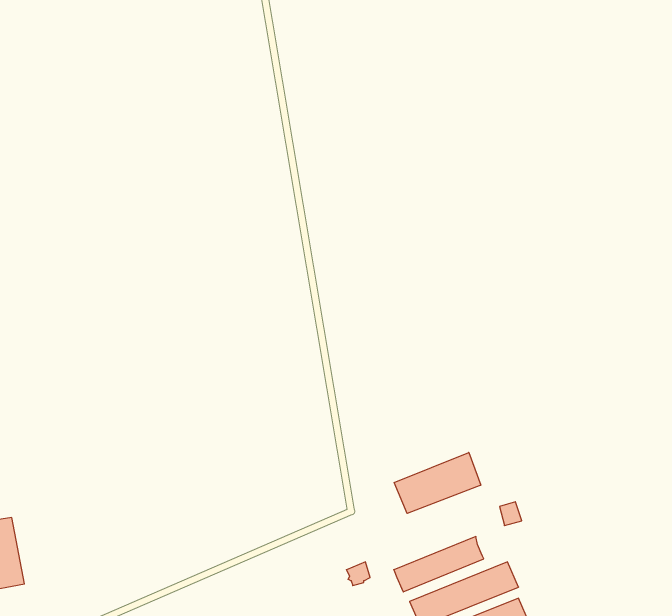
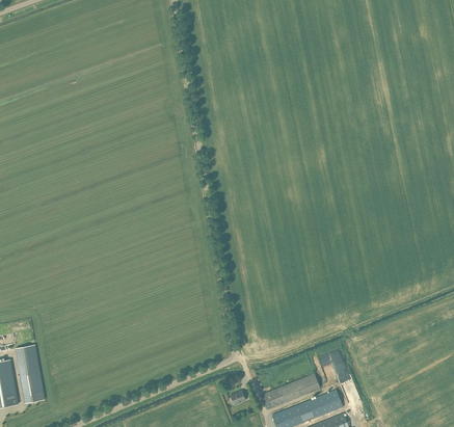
building: [394,452,481,513] -> none
building: none -> [16,345,45,403]

